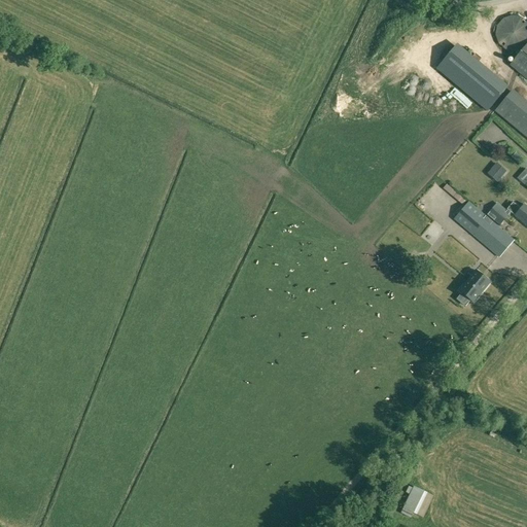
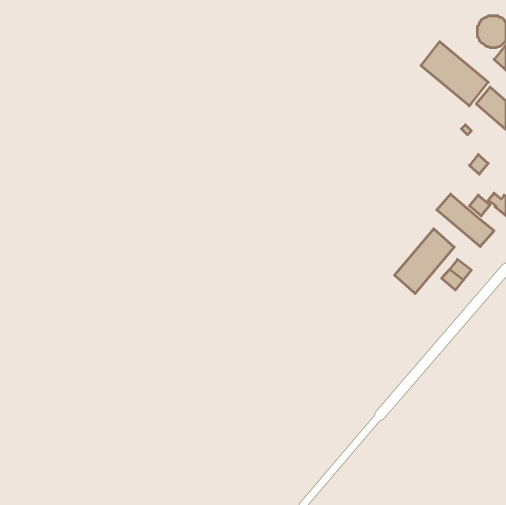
building: none -> [395,229,454,294]
building: [402,485,427,514] -> none

